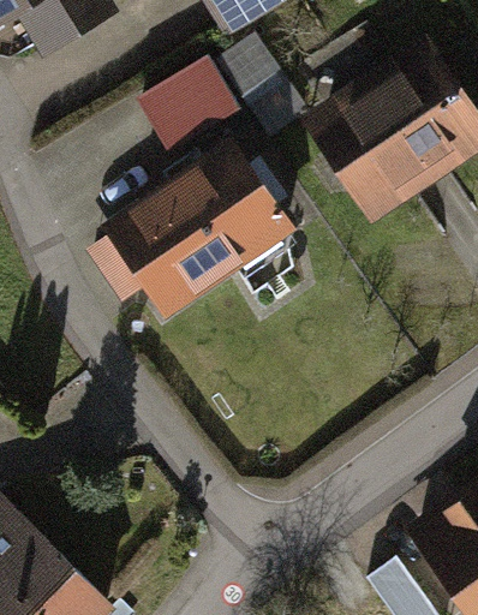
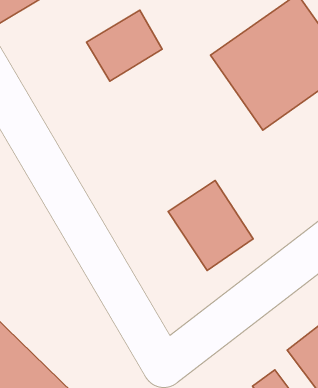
building: [110,136,303,315] -> none
building: none -> [168,180,253,270]

